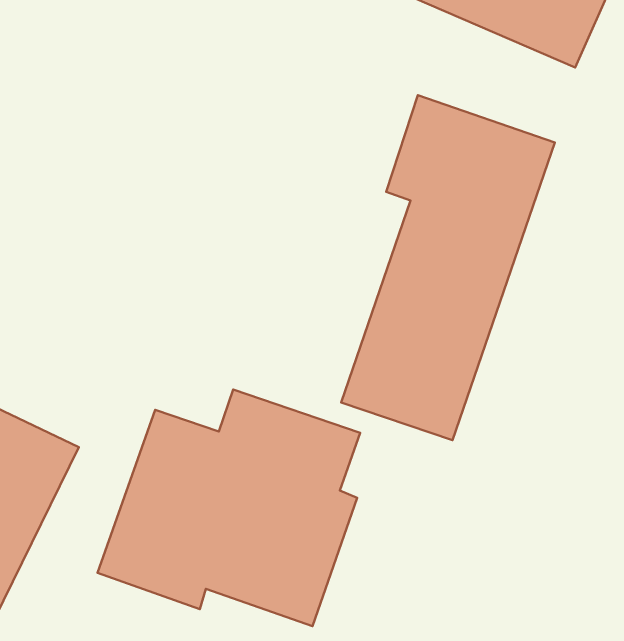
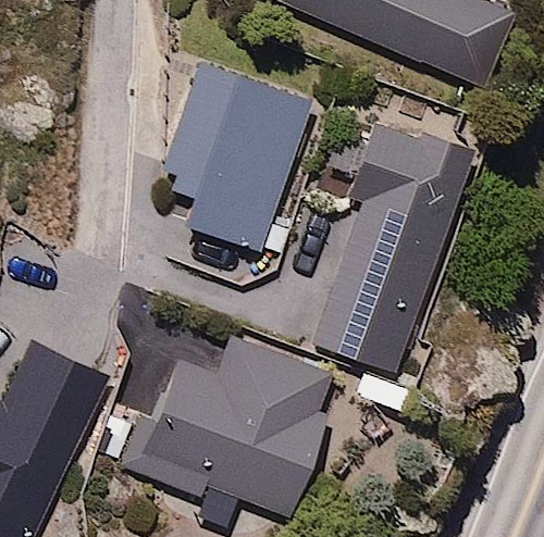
building: none -> [163,59,318,250]

